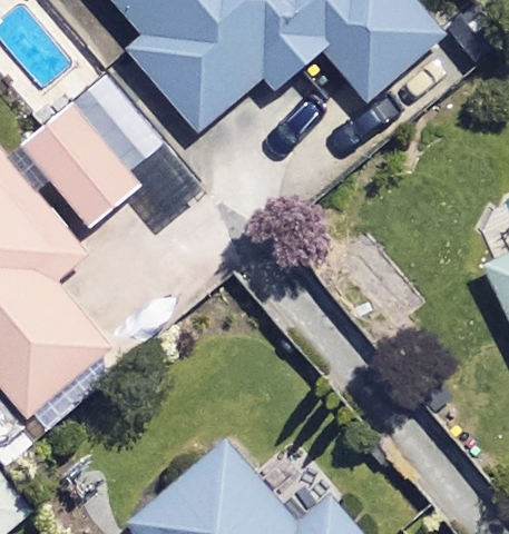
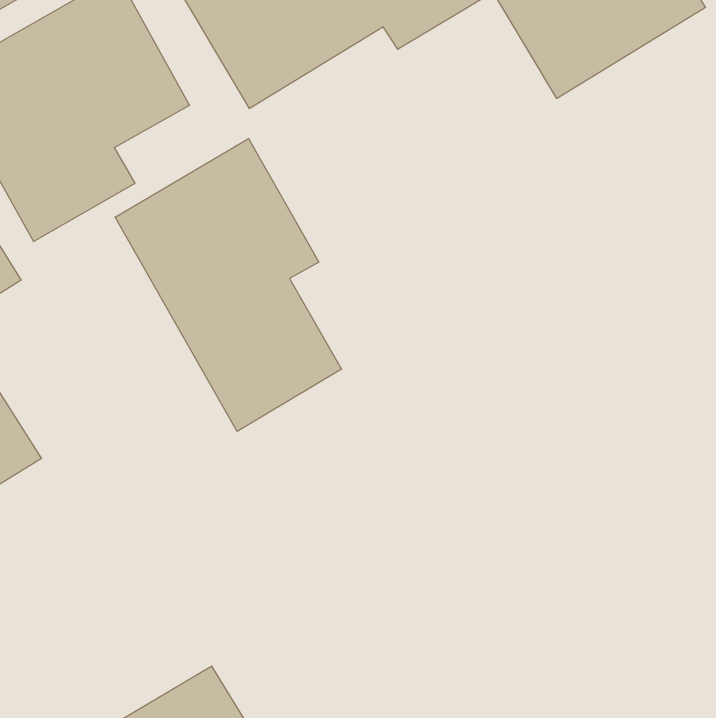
building: none -> [115,139,342,431]

